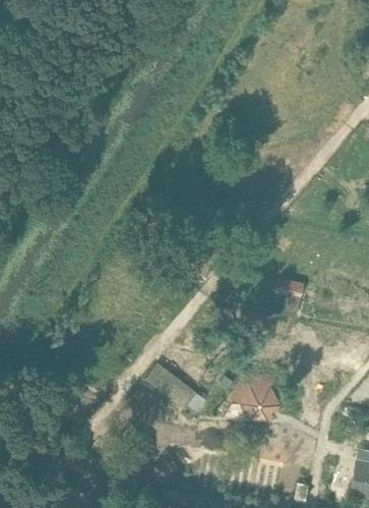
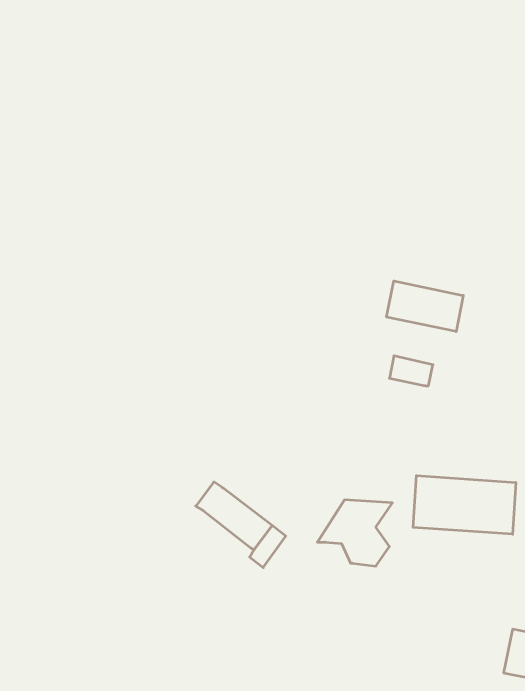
building: none -> [387,281,463,332]
building: none -> [413,476,516,534]

